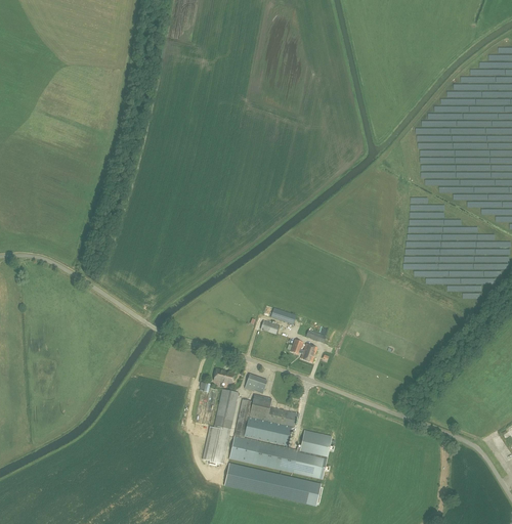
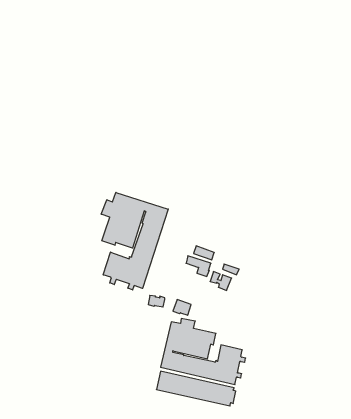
building: none -> [101,192,168,290]
building: [203,390,239,465] -> none

